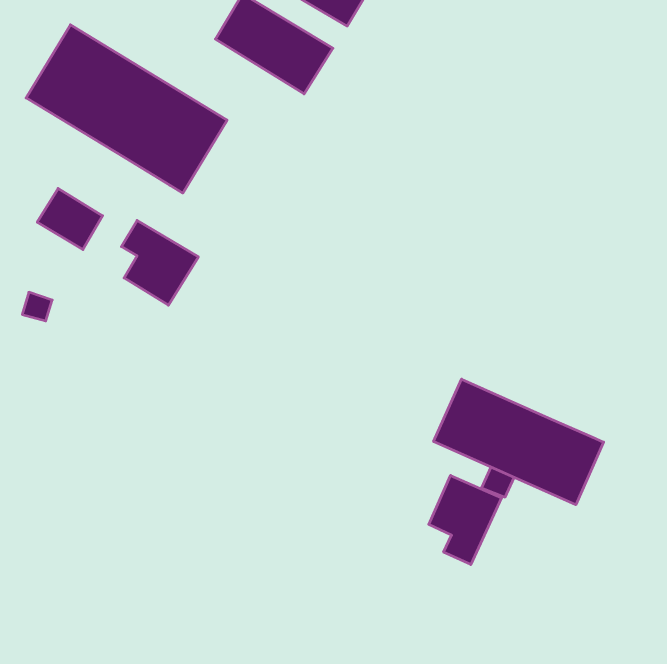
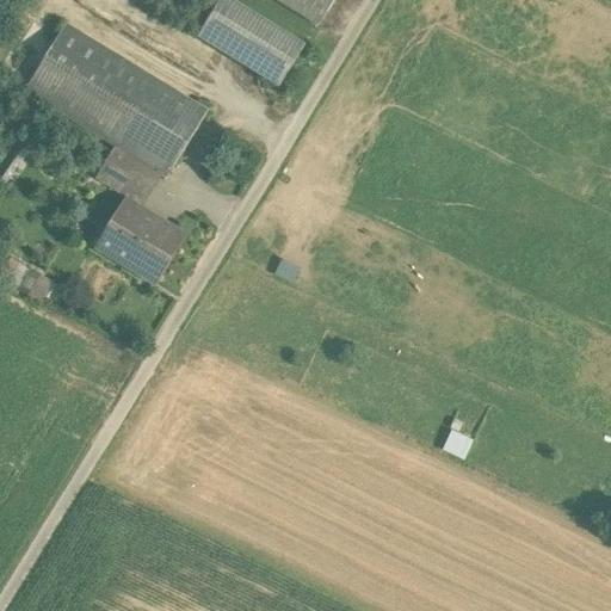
building: [37,188,103,250] -> [95,144,155,200]
building: [434,379,604,505] -> none
building: [429,475,502,565] -> none

